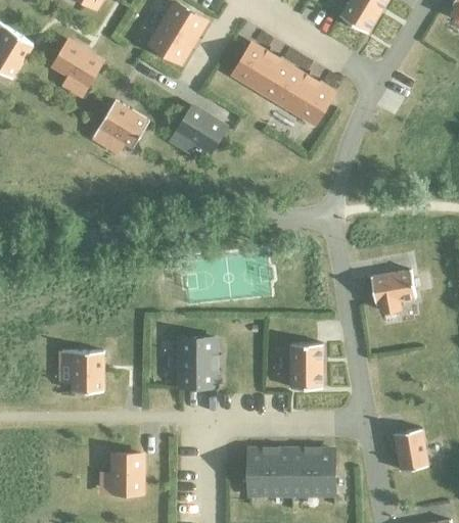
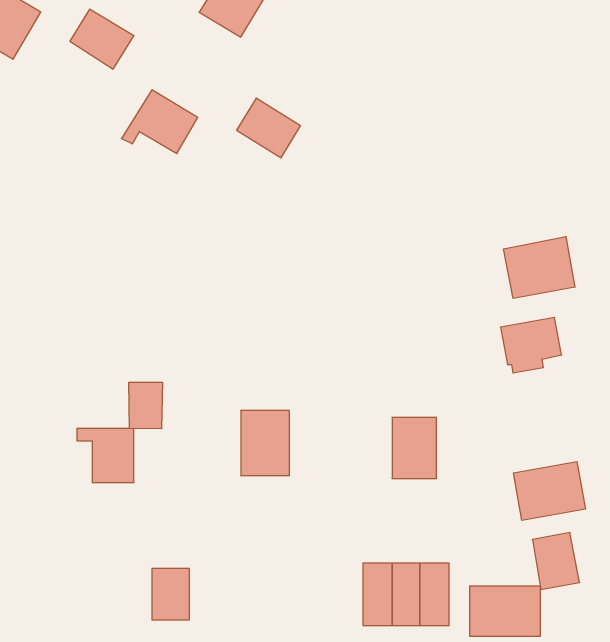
building: [232,44,331,124] -> none
building: none -> [504,236,575,298]
building: none -> [129,382,162,429]
building: none -> [513,462,585,520]
building: [248,449,269,495] -> none
building: none -> [470,586,540,636]

